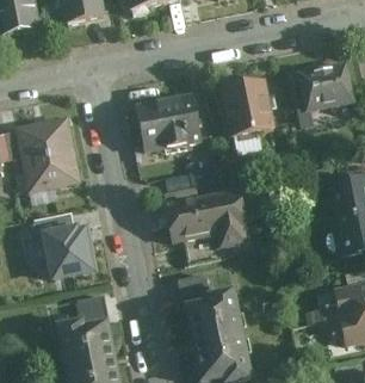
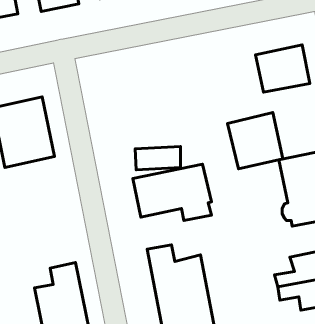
building: [217,78,277,138] -> [227,112,283,169]
building: [132,92,203,153] -> none
building: [39,228,91,279] -> none

